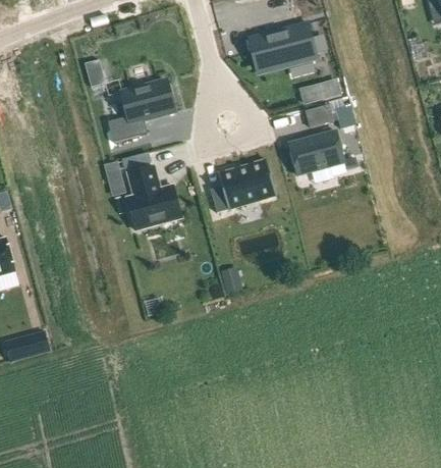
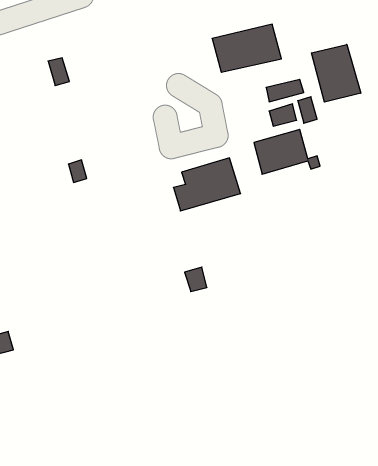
building: none -> [311,44,361,102]
building: [110,80,177,142] -> none
building: [126,166,180,228] -> none

